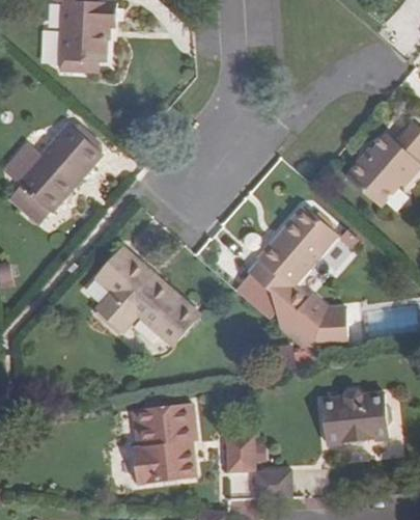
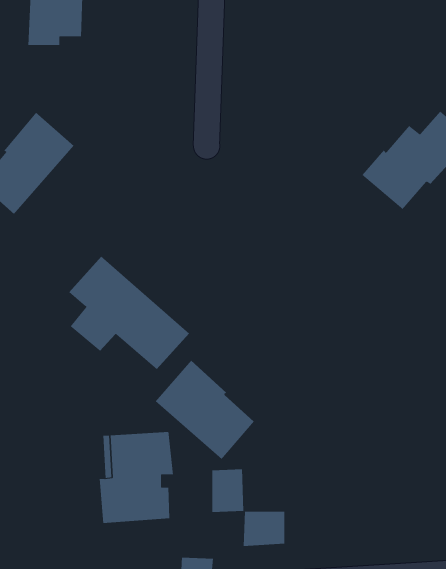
building: [235,208,349,350] -> none
building: none -> [155,360,254,460]
building: [314,391,384,447] -> none

